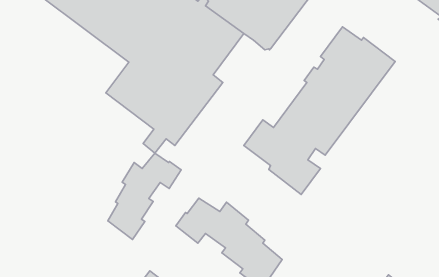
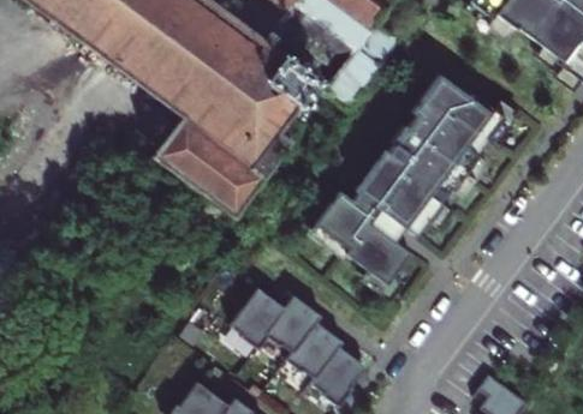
building: [108,153,181,239] -> none

